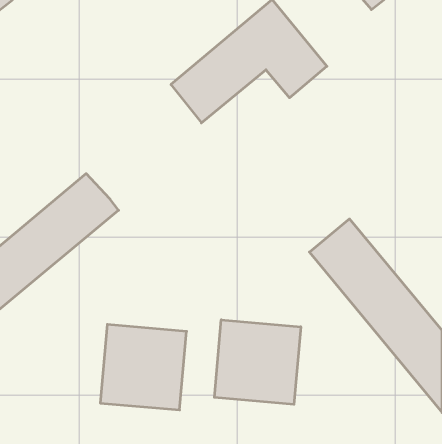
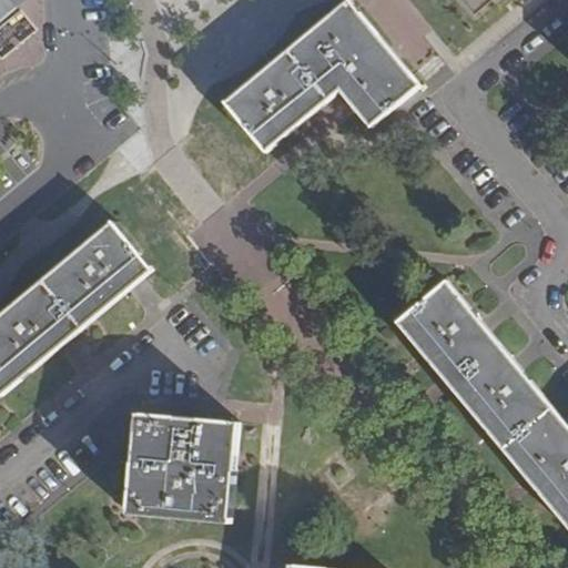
building: [214,320,301,404] -> none

